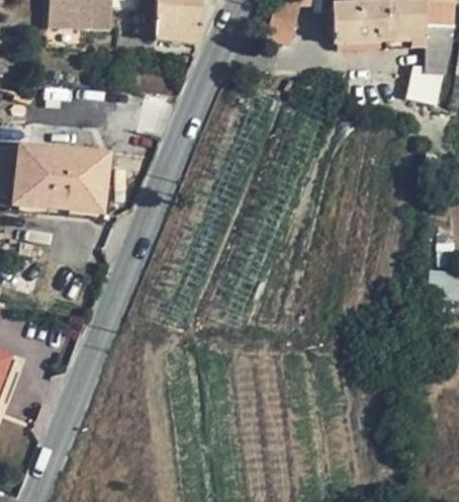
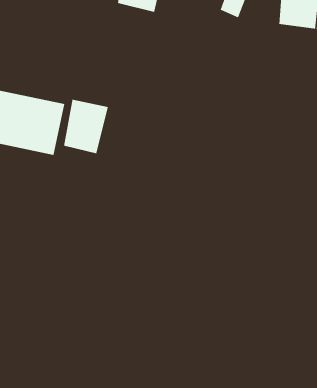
building: none -> [63,99,108,154]

